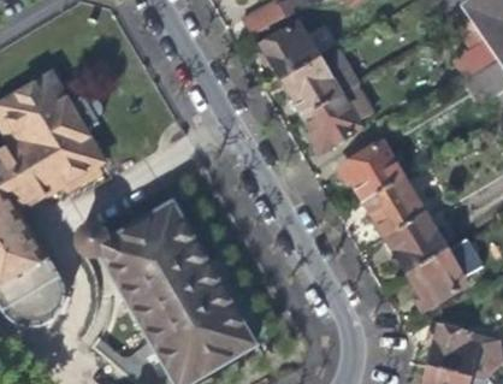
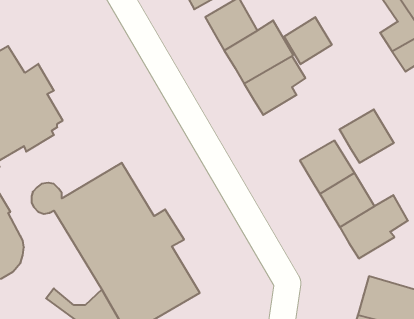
building: none -> [284,17,332,64]
building: [343,140,402,197] -> [339,109,394,163]

